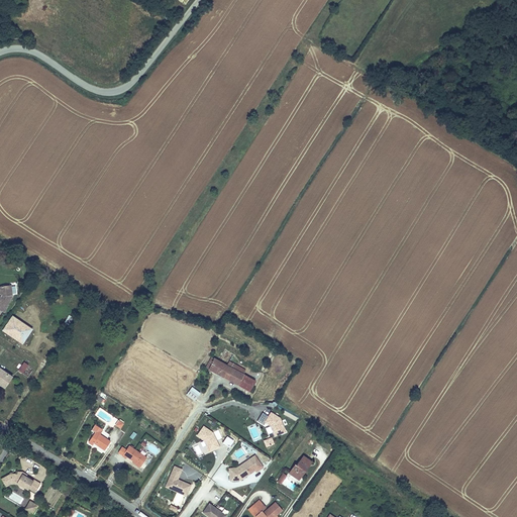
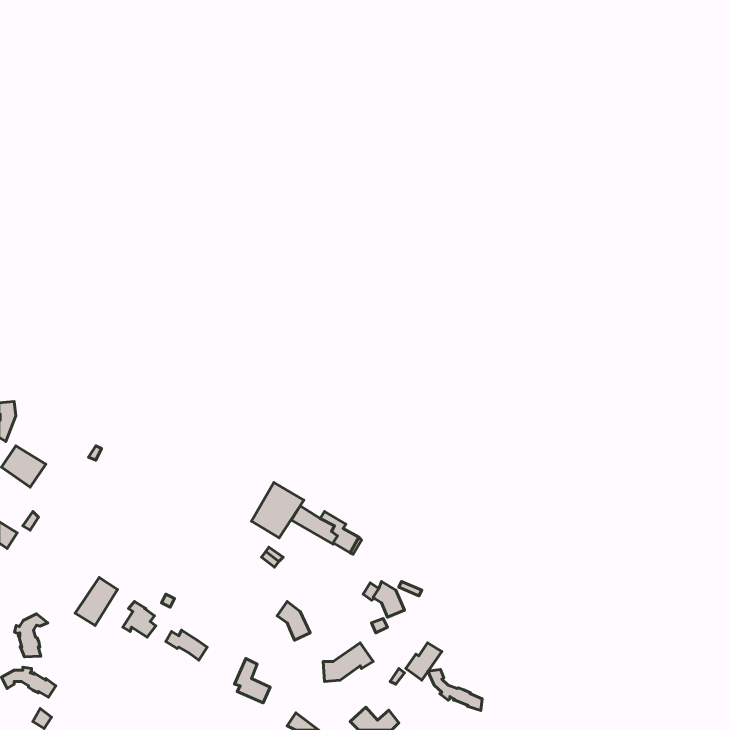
building: none -> [252,483,304,538]
building: none -> [75,577,117,626]
building: none -> [14,614,48,657]
building: none -> [428,670,482,711]

